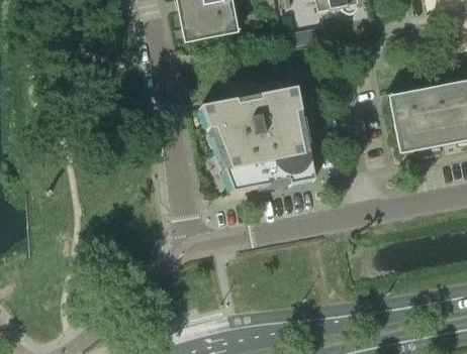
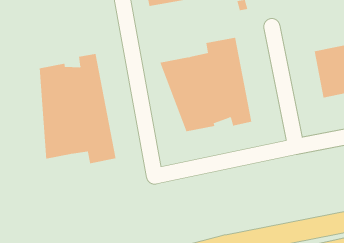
building: none -> [39,53,116,164]

